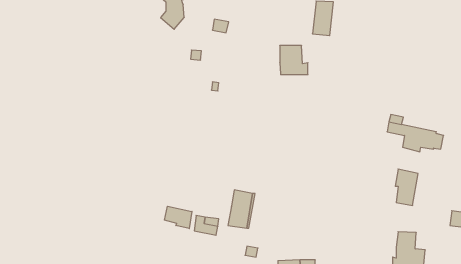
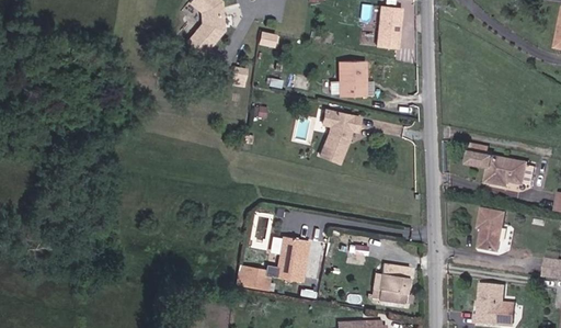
building: none -> [319,109,360,162]
building: [164,206,192,229] -> none
building: none -> [377,263,409,303]

